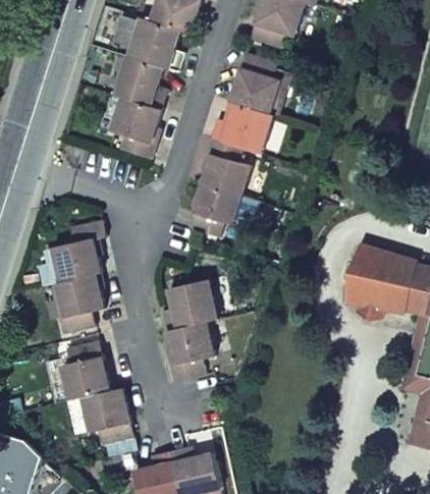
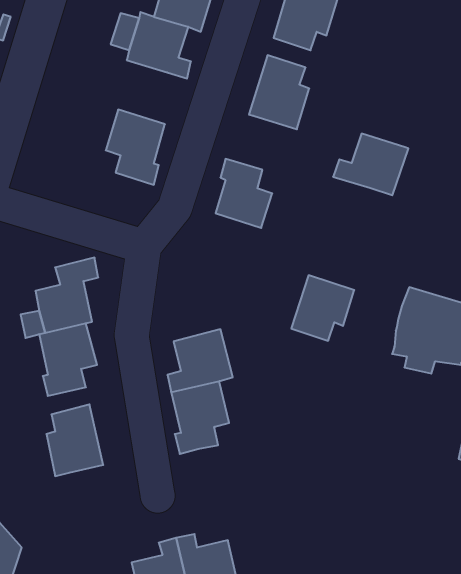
building: [114,56,165,110] -> none
building: [210,103,272,154] -> [333,134,408,195]
building: [187,183,239,237] -> [291,275,354,341]
building: [82,388,132,445] -> none

